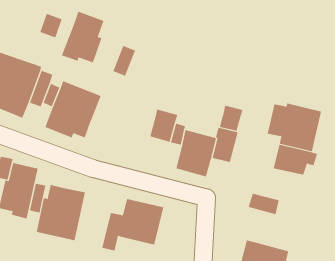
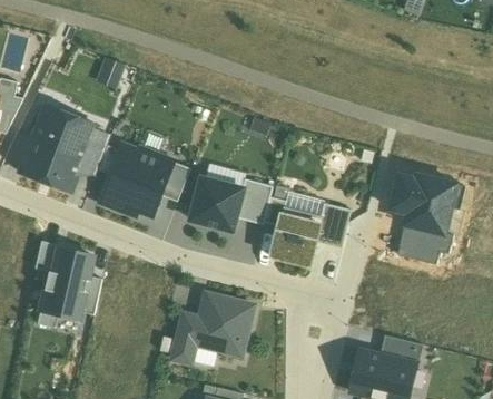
building: [61,11,104,63] -> none
building: [112,45,136,76] -> [160,162,190,202]
building: [219,105,243,132] -> none
building: none -> [190,177,243,230]
building: [36,184,85,241] -> none
building: [248,193,280,215] -> [379,334,421,362]

